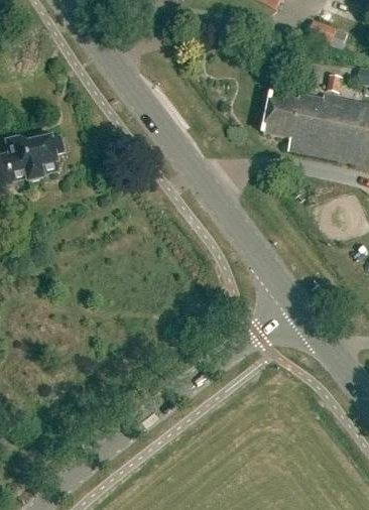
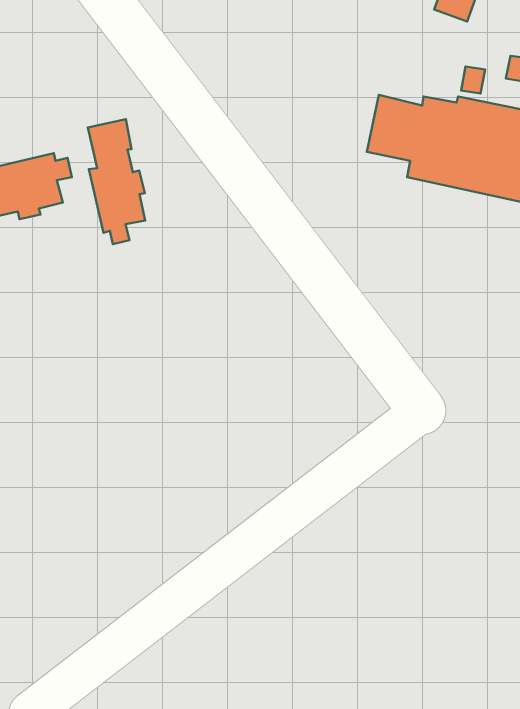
building: none -> [88,119,145,244]

